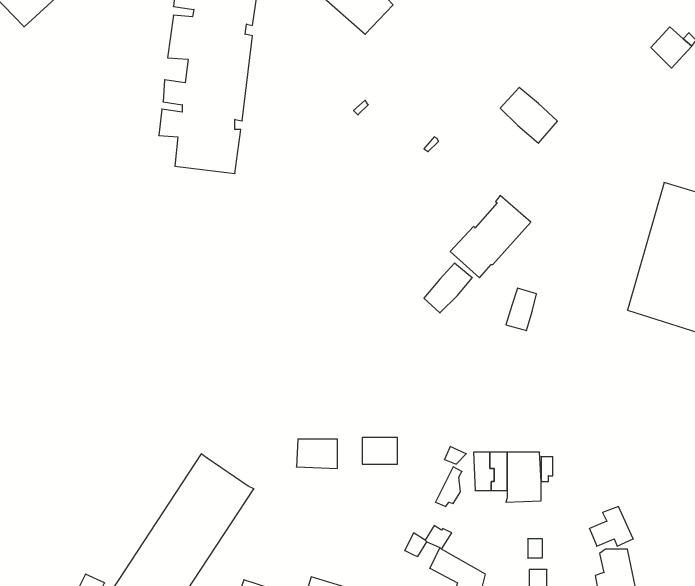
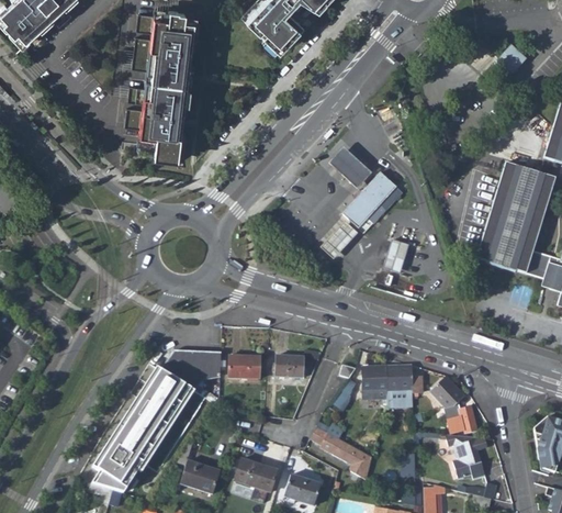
building: [500,87,557,143] -> [331,149,374,191]
building: none -> [161,350,221,390]
building: none -> [429,377,463,408]

